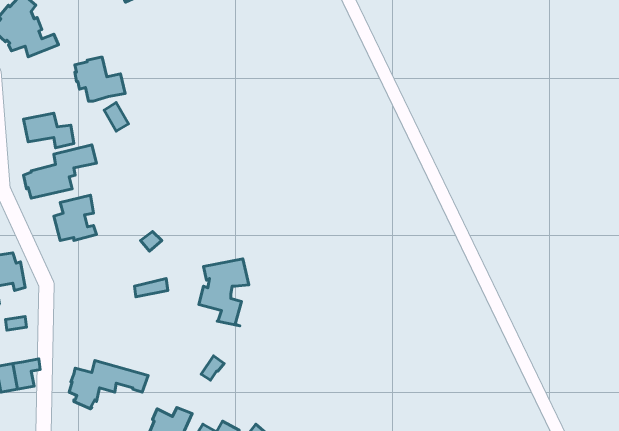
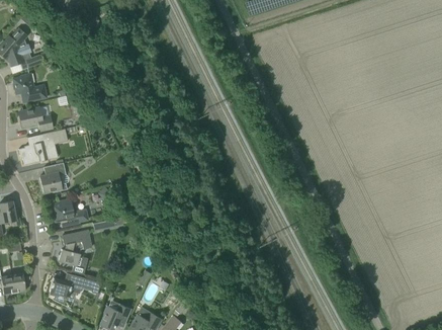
building: [75,57,125,101] -> [12,73,46,102]
building: none -> [51,198,87,227]
building: [199,259,249,326] -> [58,230,91,274]

